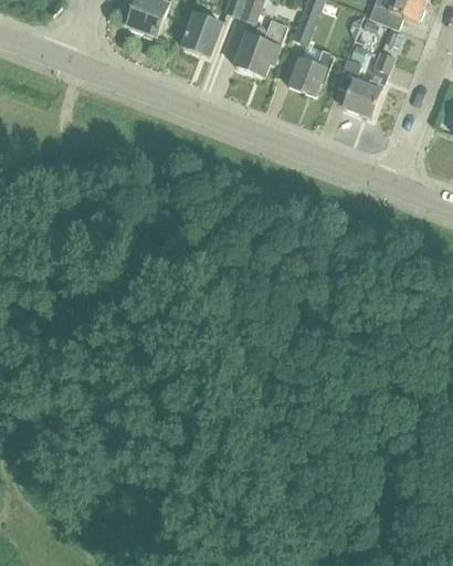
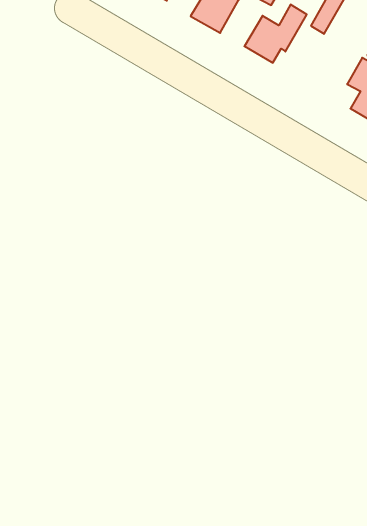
building: [289,49,335,95] -> none

